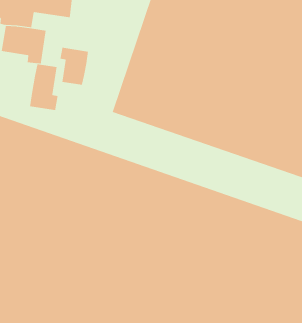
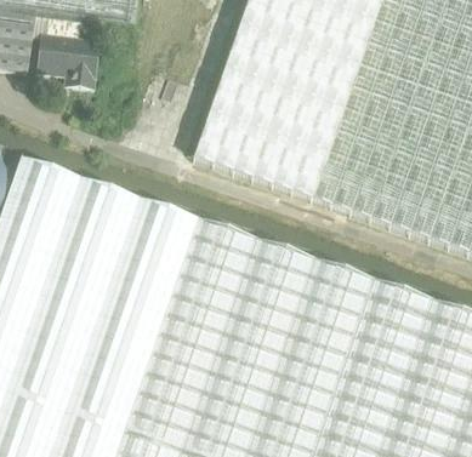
building: [60,47,89,85] -> none
building: [30,64,58,111] -> none

